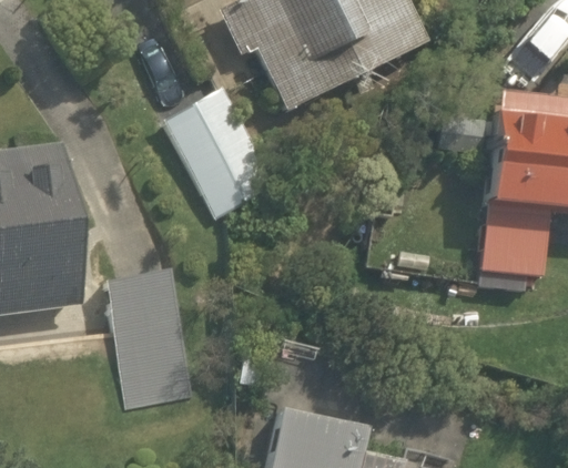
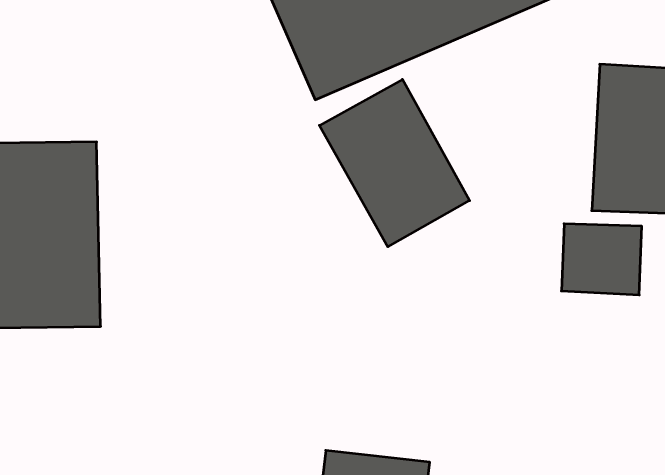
building: [150,73,276,214] -> [319,79,470,247]
building: [104,256,190,403] -> none

